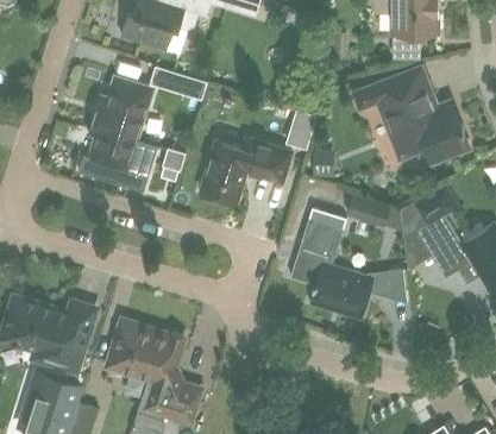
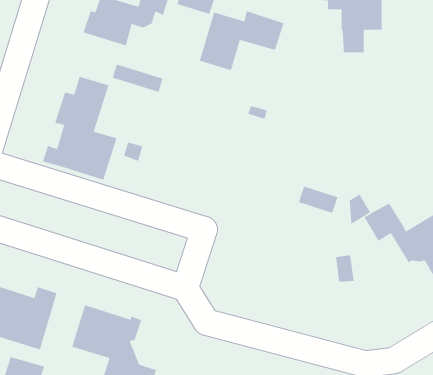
building: [353,67,469,163] -> none
building: [201,139,291,203] -> [199,10,284,71]
building: [289,220,373,320] -> none

